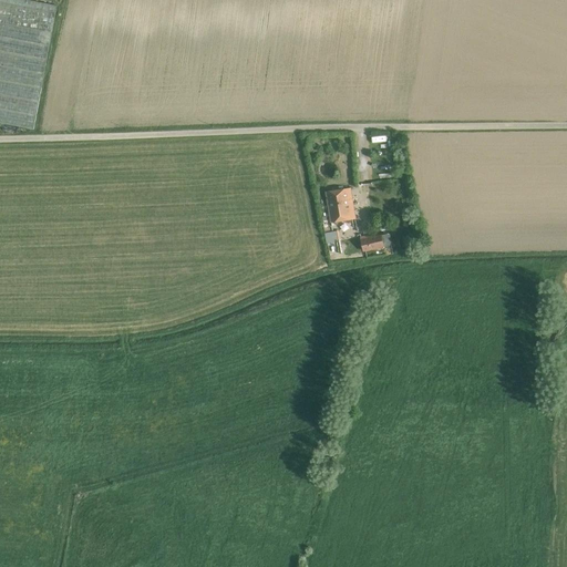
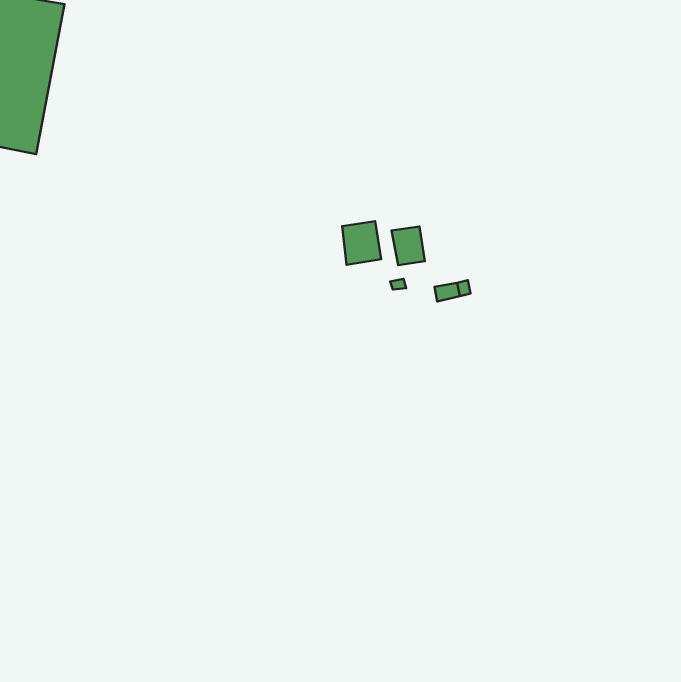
building: none -> [342,221,381,265]

